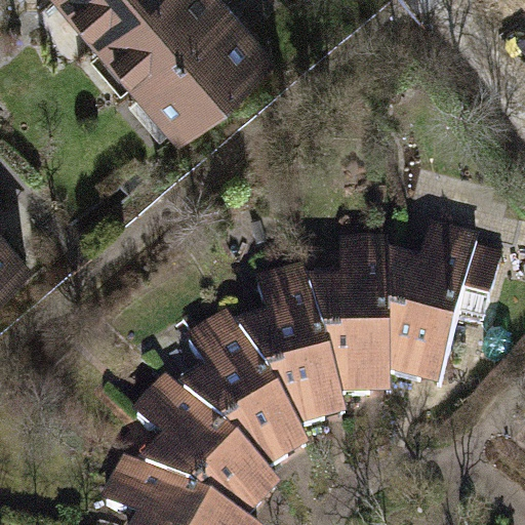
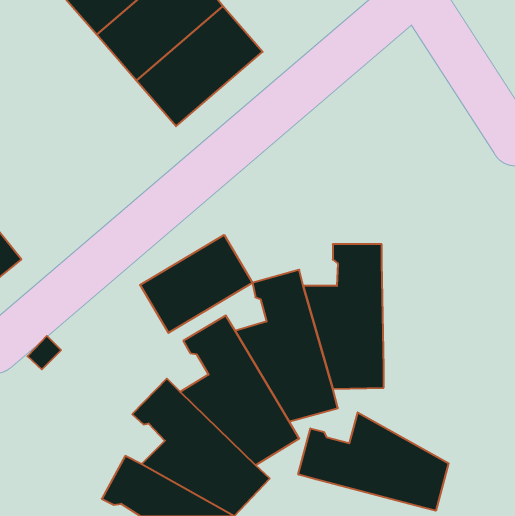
building: [385,230,496,383] -> none
building: none -> [140,235,252,333]
building: none -> [298,412,449,511]

